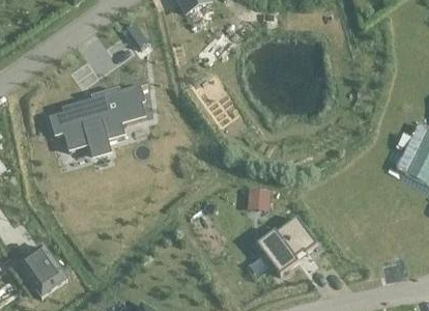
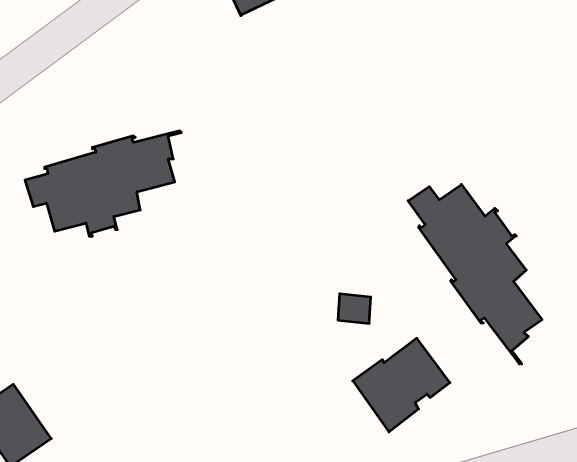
building: none -> [408,184,542,364]

